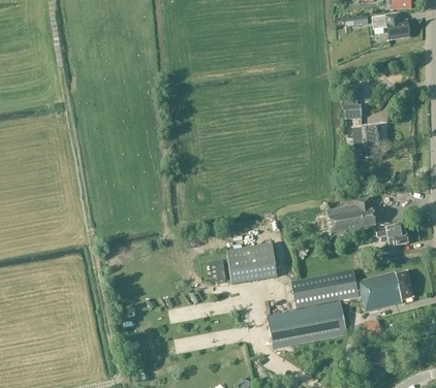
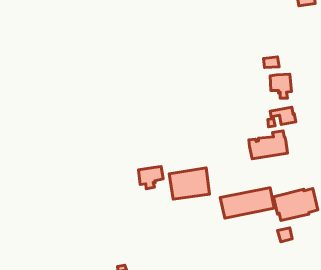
building: [376,224,408,246] -> [270,107,296,124]
building: none -> [138,167,163,189]
building: [268,301,346,348] -> none

